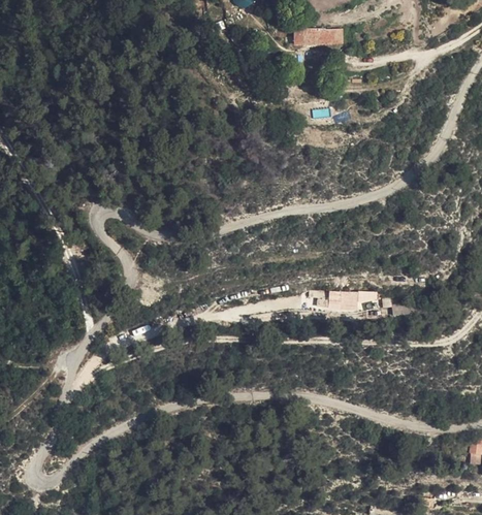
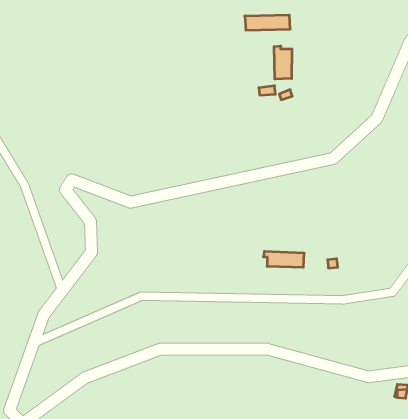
building: none -> [274,46,292,79]

